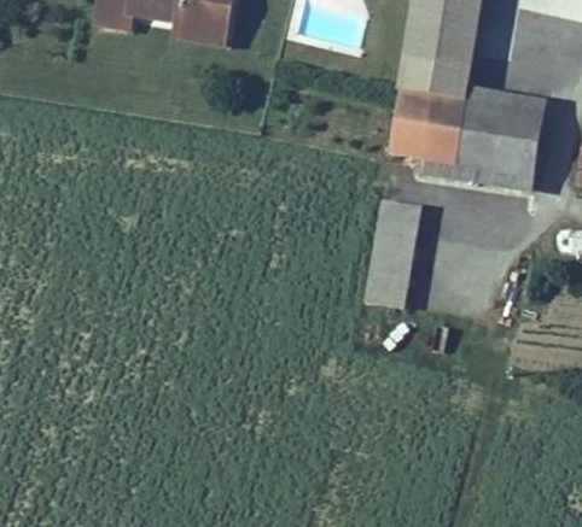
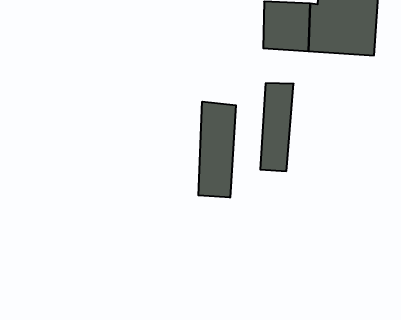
building: none -> [198,102,236,198]

